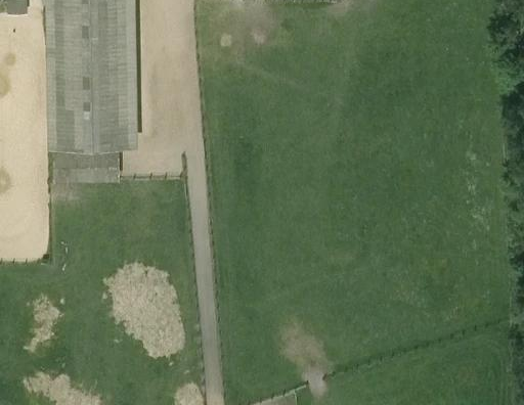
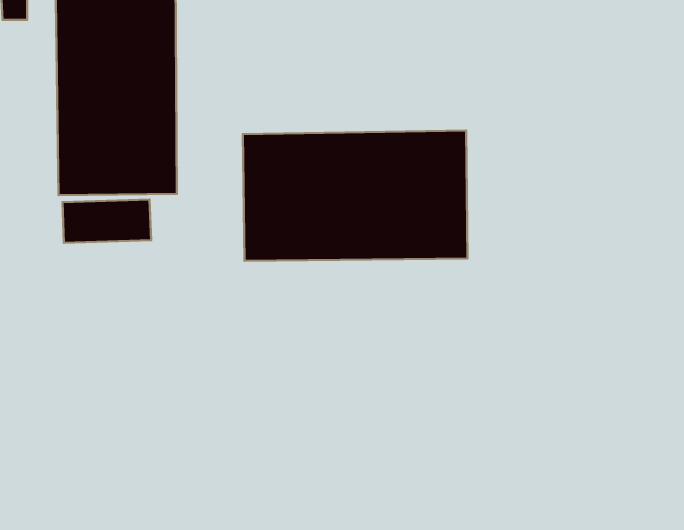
building: none -> [243,130,468,261]

